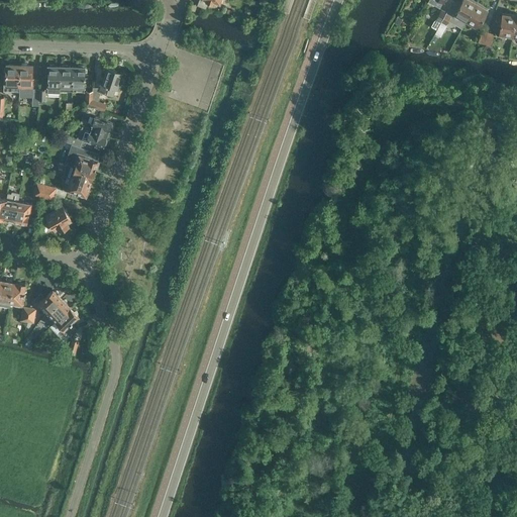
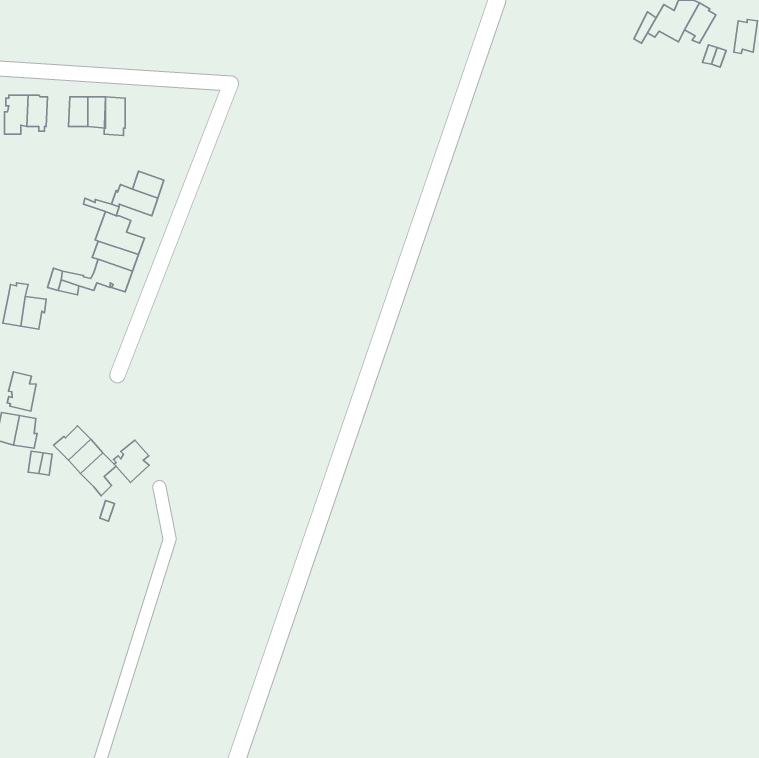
building: [91,69,122,112] -> none
building: [44,207,70,233] -> none
building: none -> [7,372,36,411]
building: none -> [114,440,149,483]

